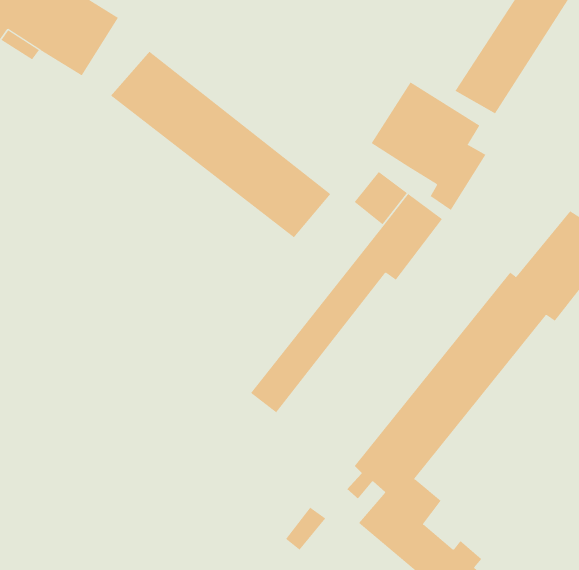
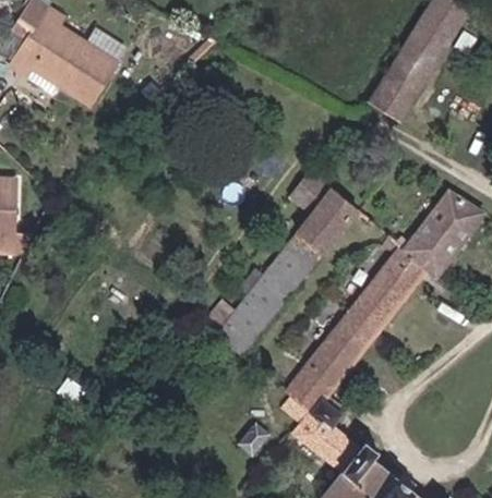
building: [110,51,331,238] -> none
building: [371,81,486,211] -> none

